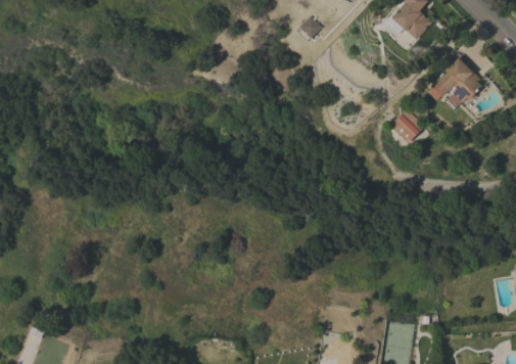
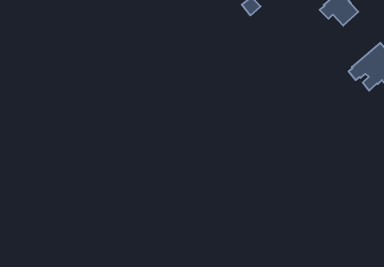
building: [389,108,424,143] -> none

